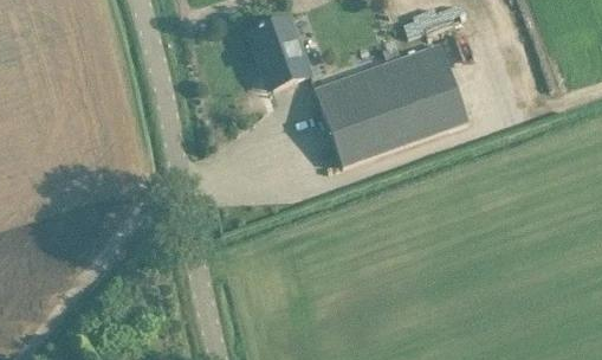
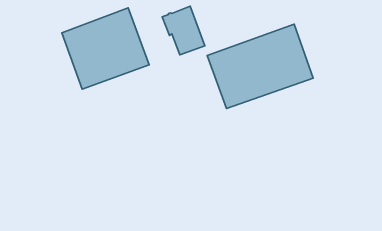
building: none -> [62,8,149,89]

